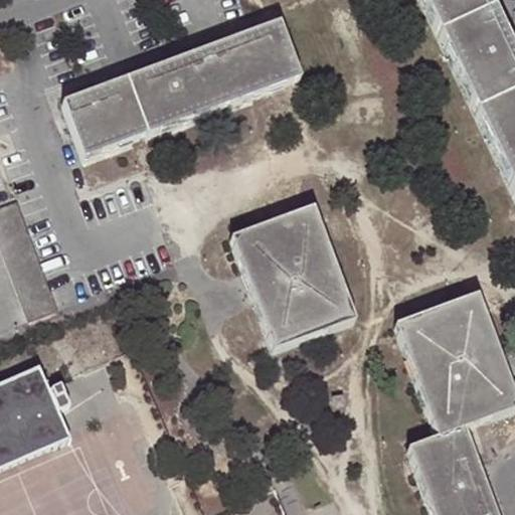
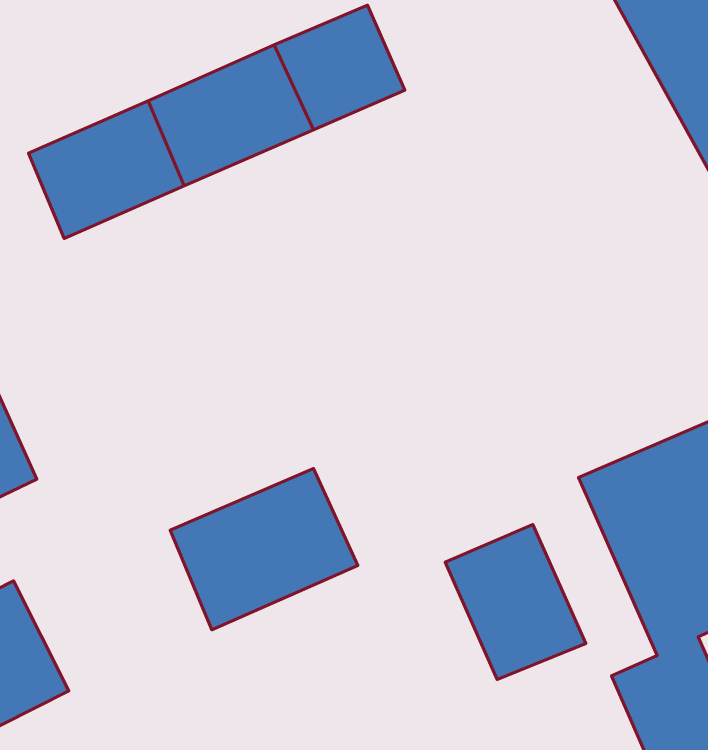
building: [232,201,357,345] -> none
building: none -> [170,468,358,630]
building: none -> [445,525,586,680]

